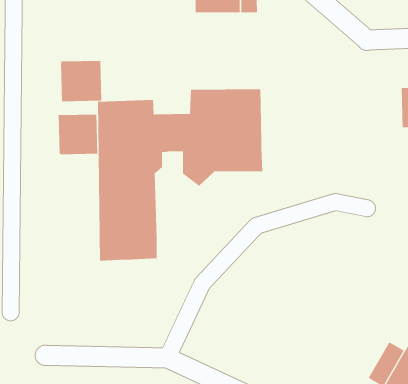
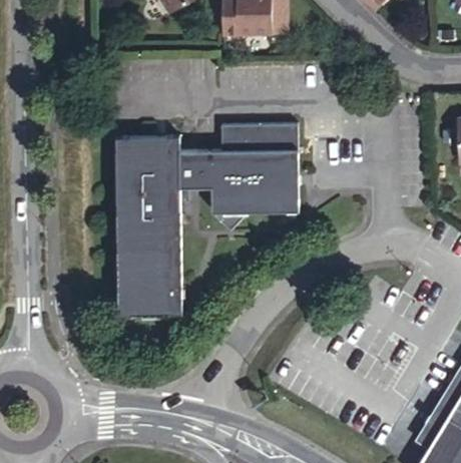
building: [61,60,102,102] -> none
building: [58,114,98,155] -> none

